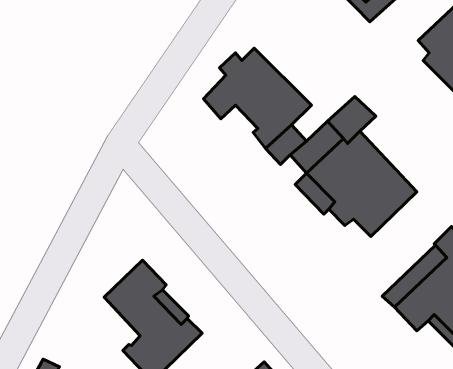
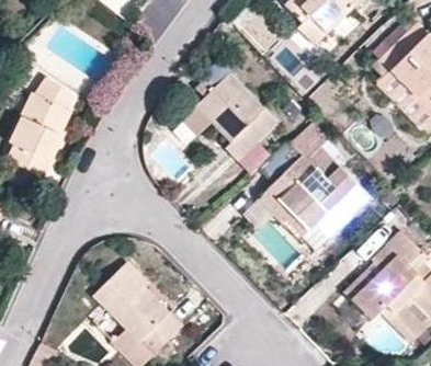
building: none -> [8,79,77,176]

